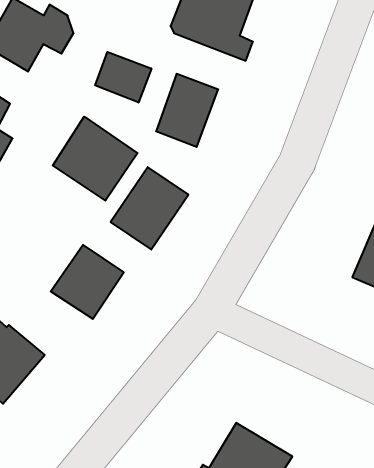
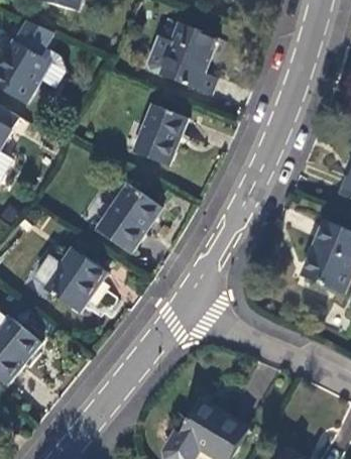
building: [95,52,151,103] -> none
building: [53,117,138,201] -> none

